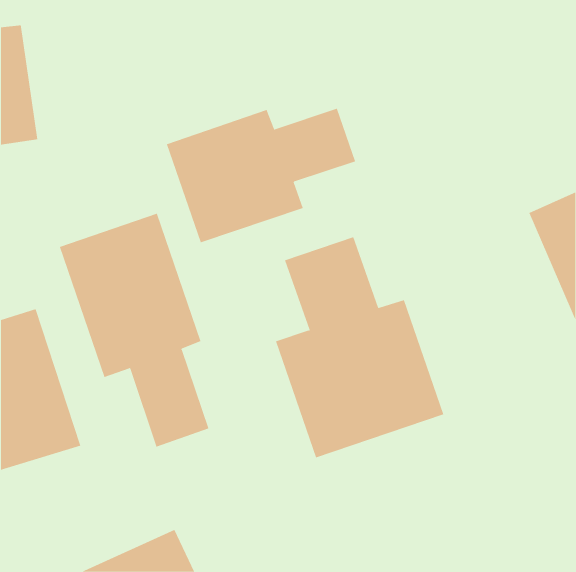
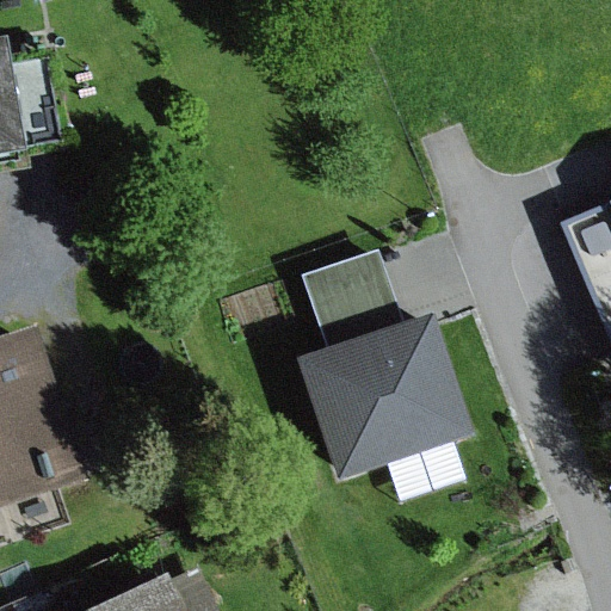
building: [166,108,356,243] -> none
building: [59,213,209,447] -> none

